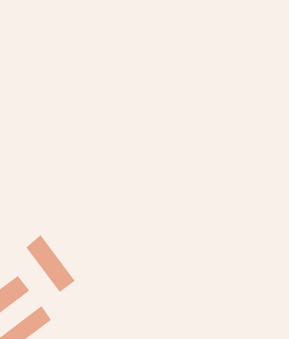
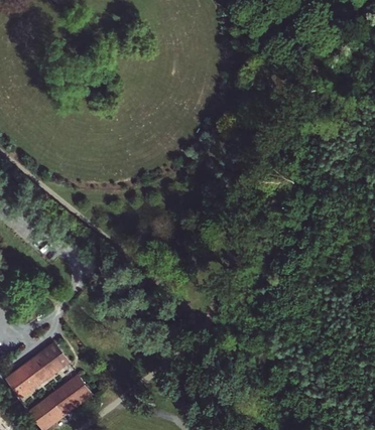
building: [25,234,76,293] -> none

